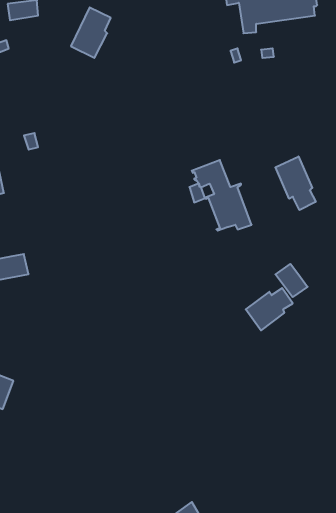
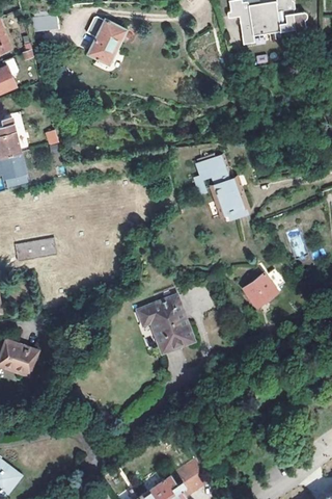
building: [275,156,316,210] -> none
building: [275,264,308,297] -> none
building: none -> [135,295,192,352]

